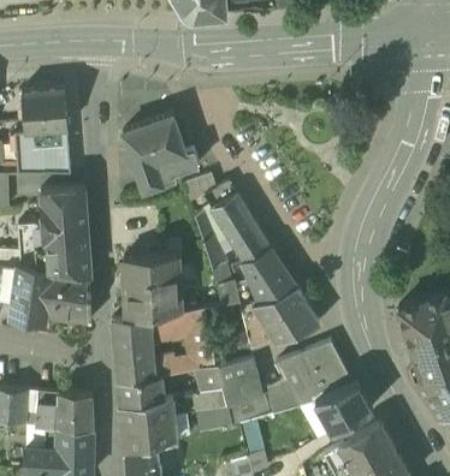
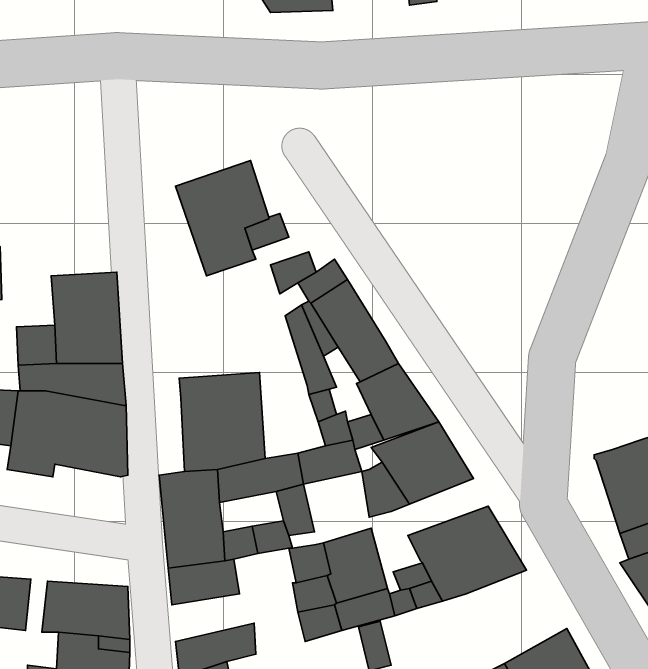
building: [14,87,71,173] -> none
building: [314,383,372,434] -> none
building: [120,399,174,432] -> none

